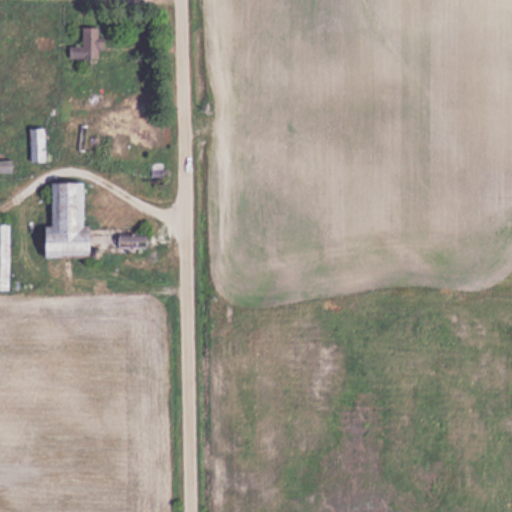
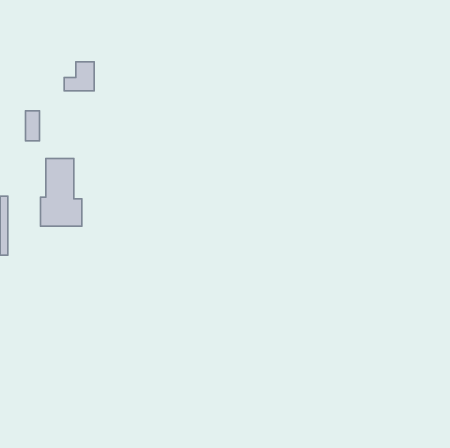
building: [68,27,102,60] -> [64,62,94,91]
building: [119,234,148,248] -> none

